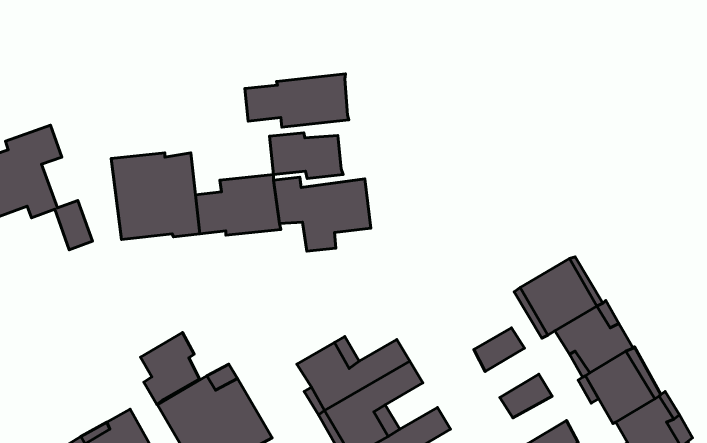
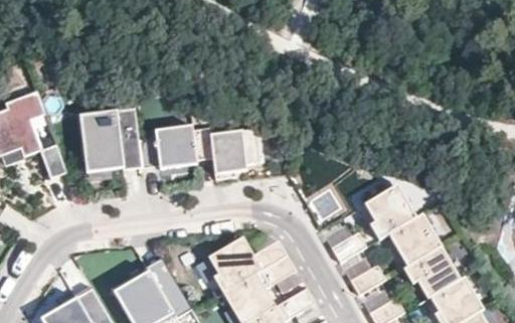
building: [245,74,349,127] -> none
building: [269,133,343,179] -> none
building: [140,332,199,405] -> none

